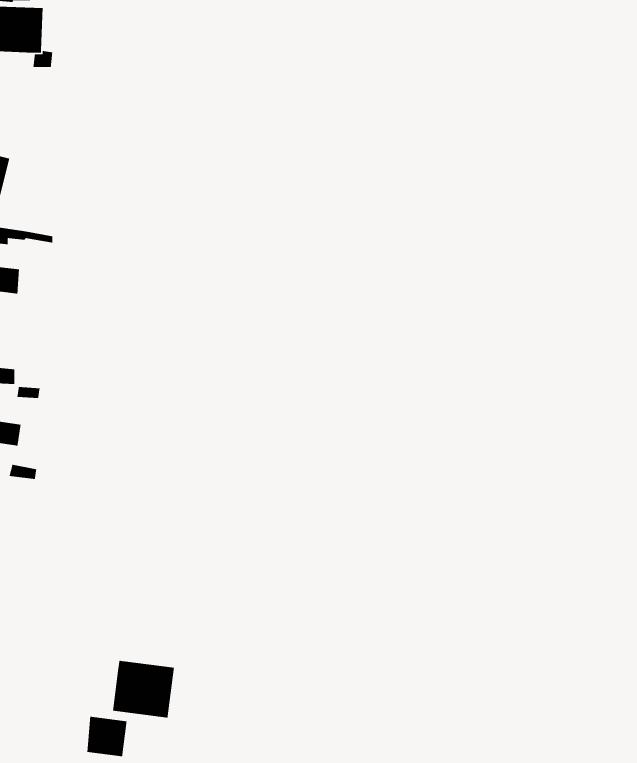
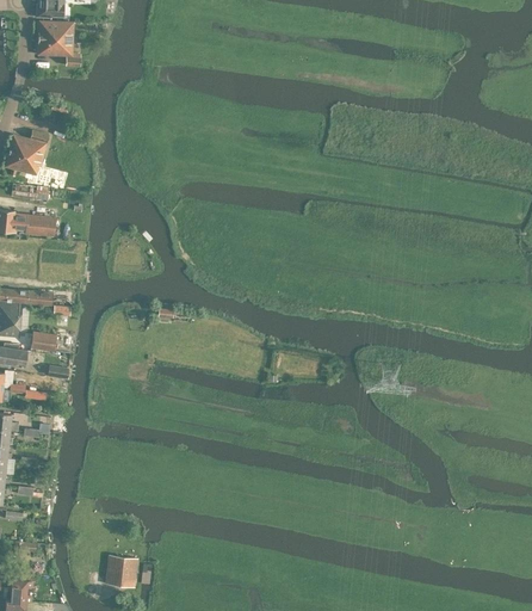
building: [112,660,175,719] -> none

